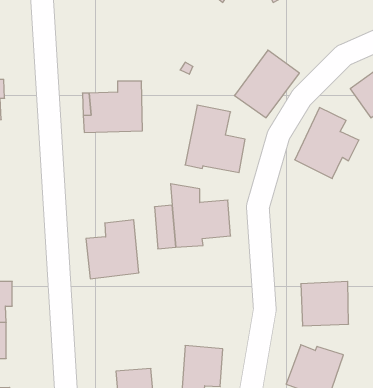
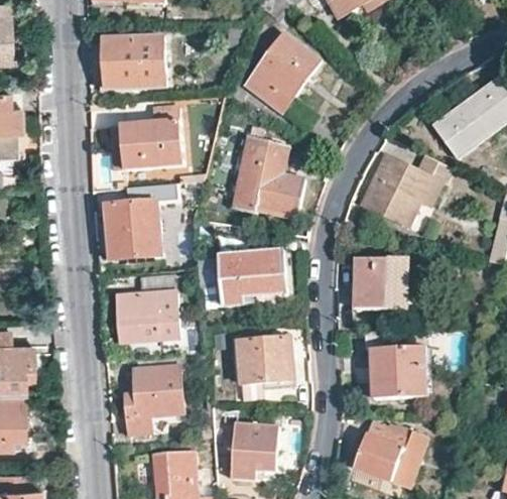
building: none -> [102,35,166,90]
building: [234,50,299,118] -> [244,32,321,112]
building: none -> [104,200,162,260]
building: none -> [353,259,406,311]
building: none -> [236,337,293,384]
building: none -> [123,357,188,435]

